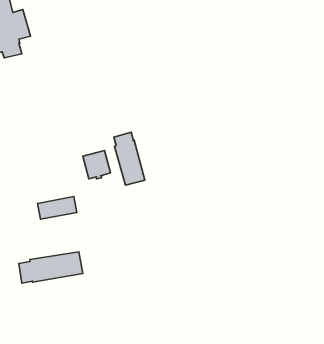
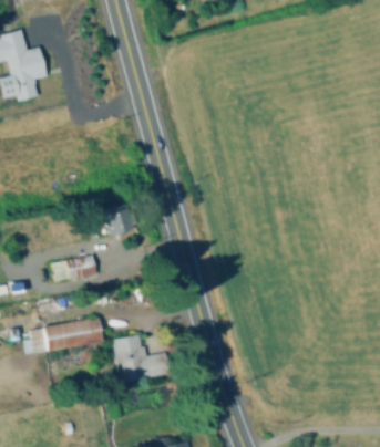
building: [114,132,145,185] -> none
building: none -> [113,335,171,383]

